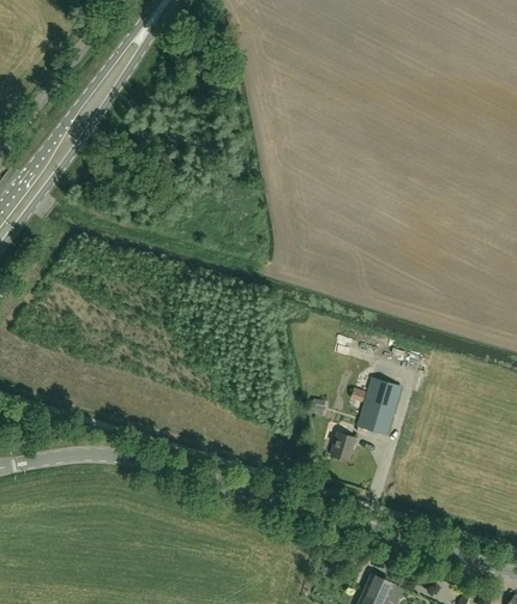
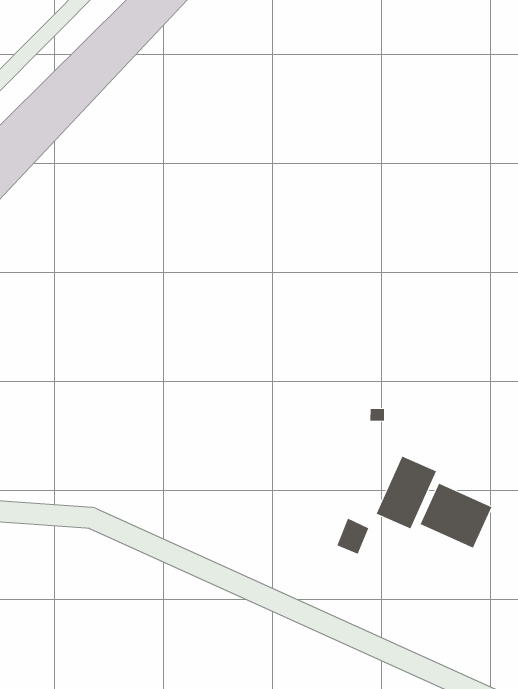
building: none -> [420,483,492,549]

